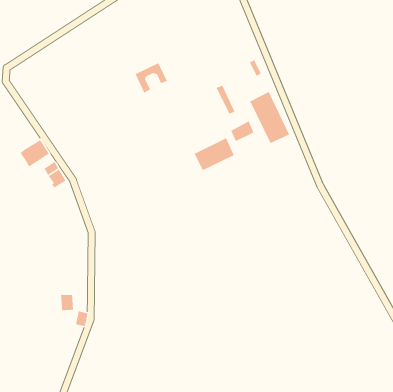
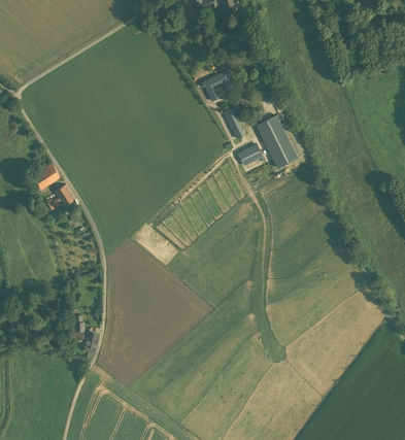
building: [134,62,168,94] -> [202,70,235,101]
building: [194,137,235,171] -> none

